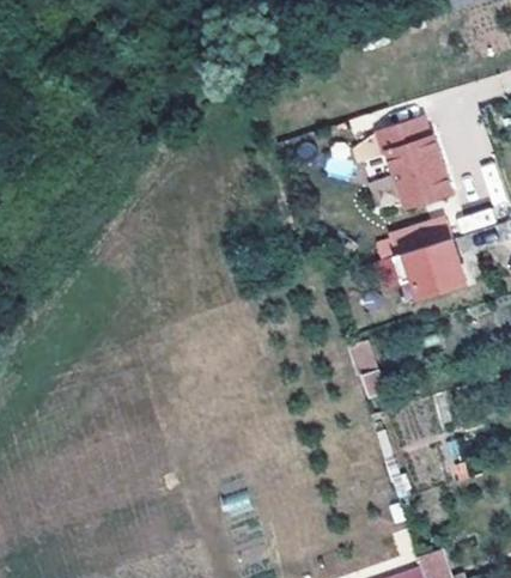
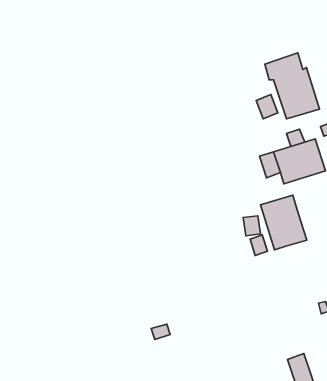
building: none -> [261,195,307,250]

